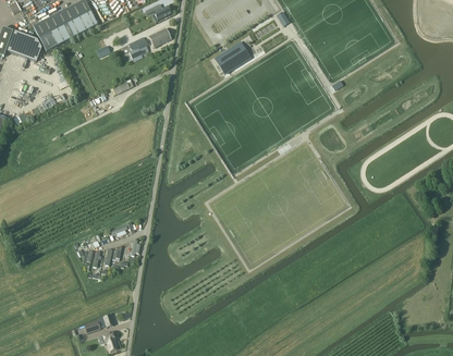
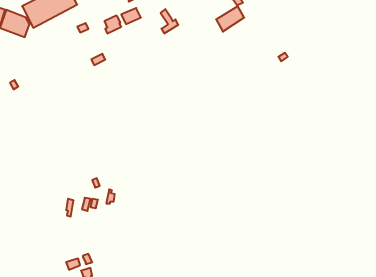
building: [216,41,248,71] -> [216,6,244,32]

